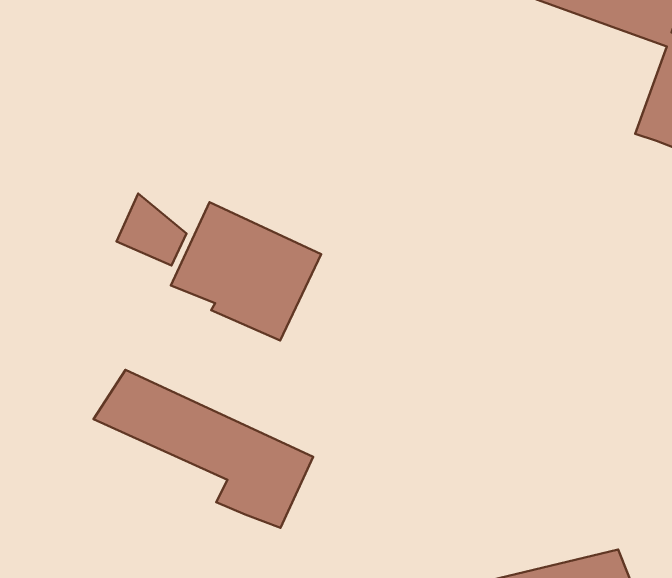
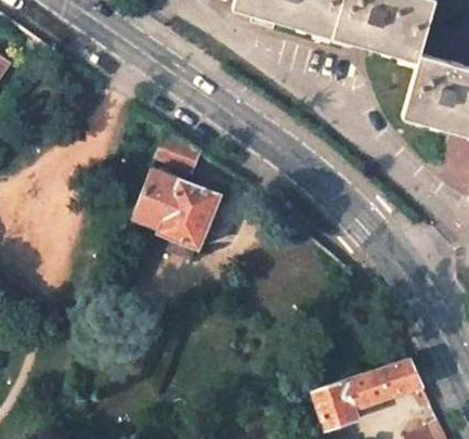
building: [116,194,186,265] -> [157,130,198,171]
building: [93,370,313,528] -> none

